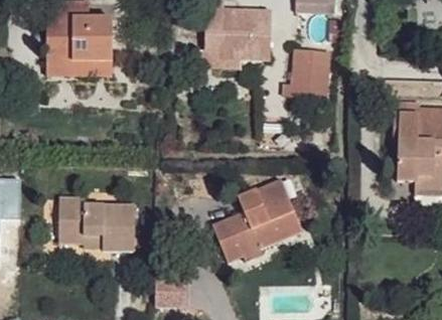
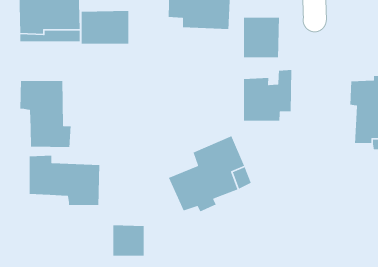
building: none -> [81,10,129,45]
building: none -> [243,69,292,121]
building: none -> [20,80,72,148]

